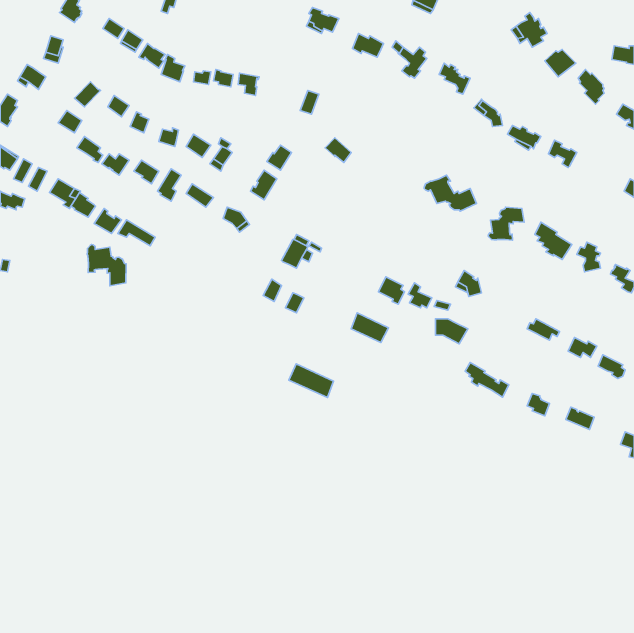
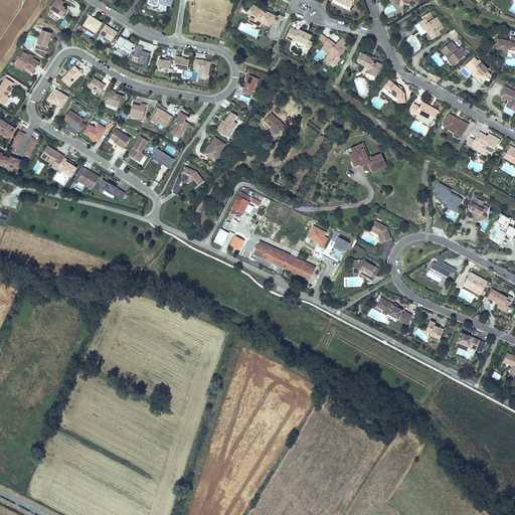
building: none -> [467,128,500,151]
building: [488,207,524,240] -> none
building: [87,245,126,286] -> none
building: [289,364,334,397] -> [253,239,290,267]

